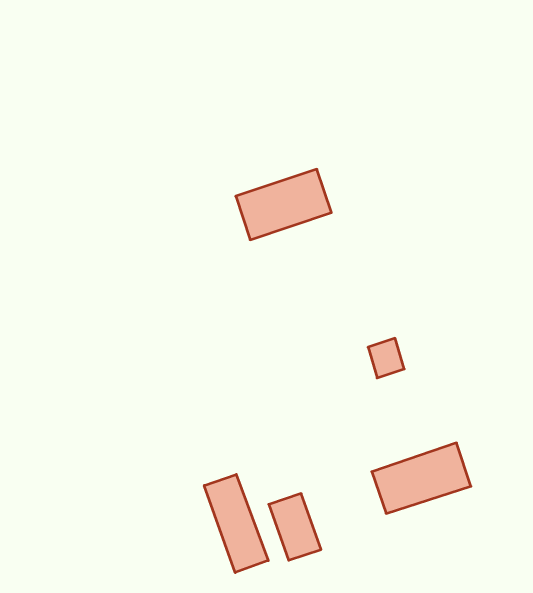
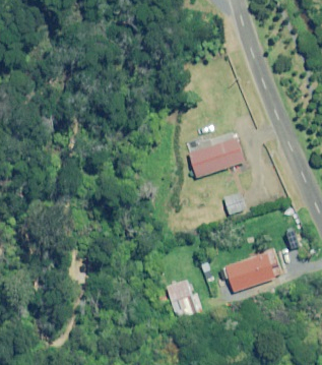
building: [236,169,331,240] -> [189,137,243,177]
building: [204,474,268,573] -> none

